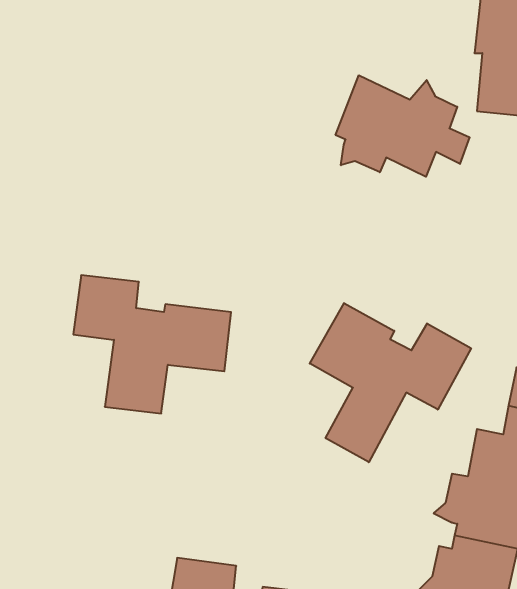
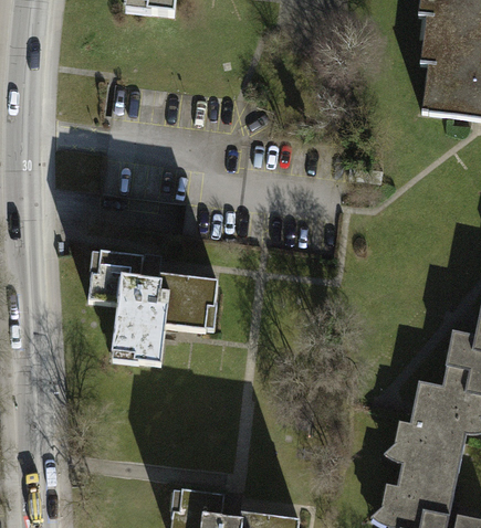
building: [336,75,470,177] -> none
building: [310,303,471,462] -> none

